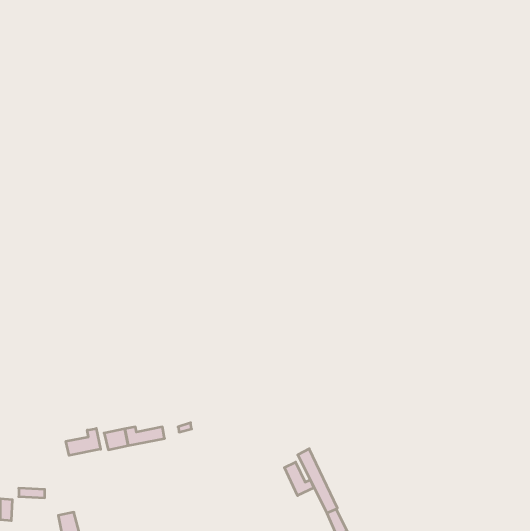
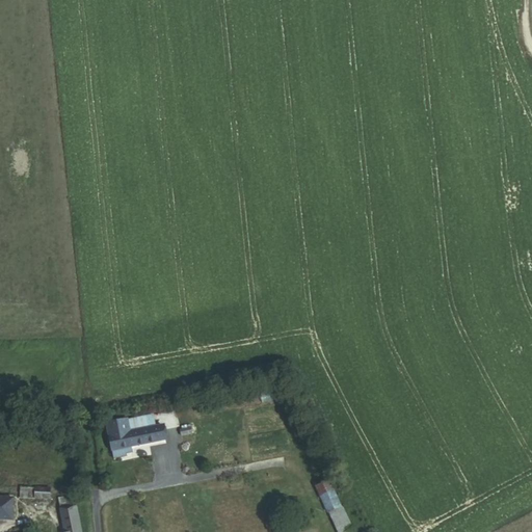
building: [66,428,101,455] -> none
building: [284,462,314,496] -> none

